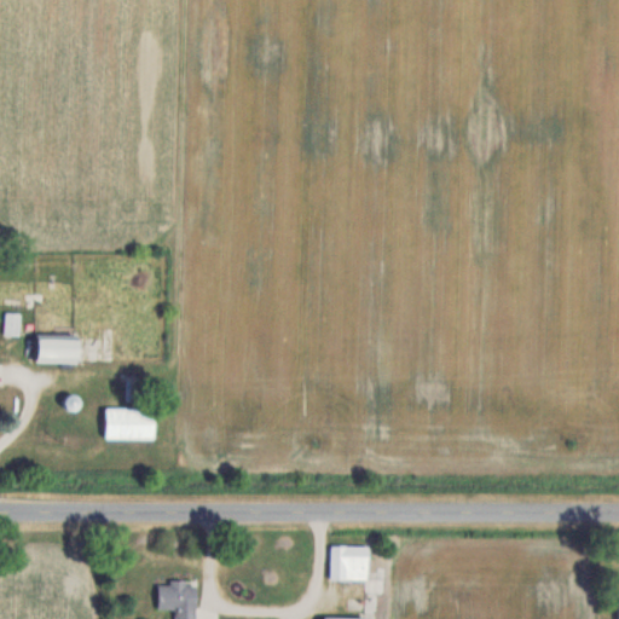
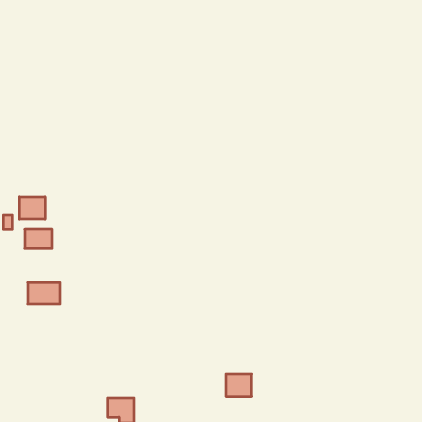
building: none -> [19,197,45,219]
building: [106,409,154,440] -> [28,282,60,304]

